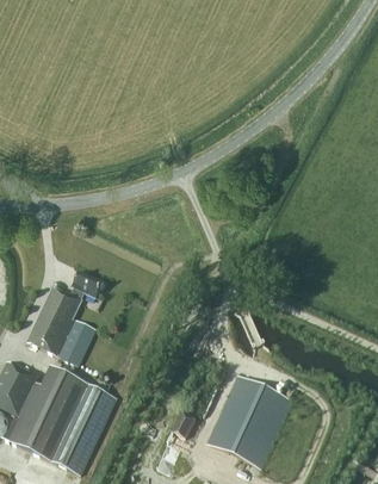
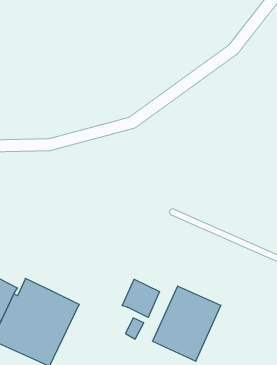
building: [26,269,105,366] -> none
building: none -> [122,279,160,317]

